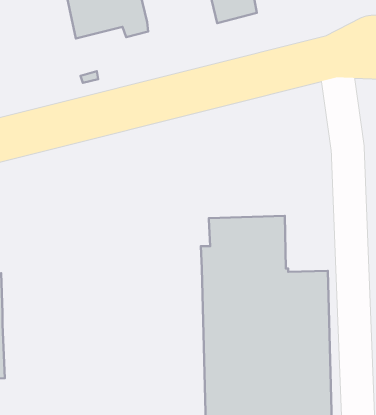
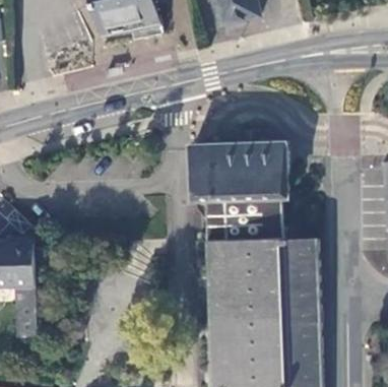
building: none -> [189,129,287,194]

